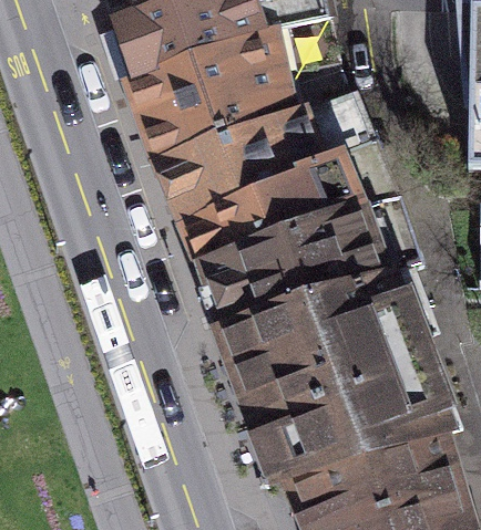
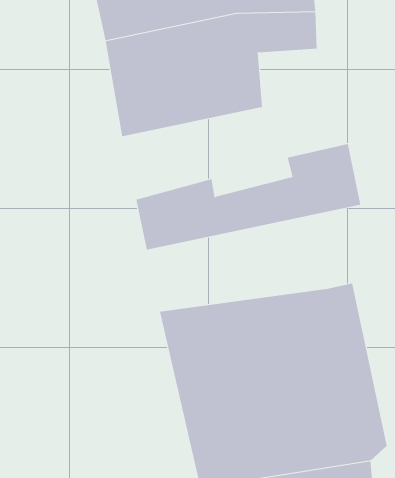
building: [164,108,380,229] -> none
building: [204,201,415,332] -> none

